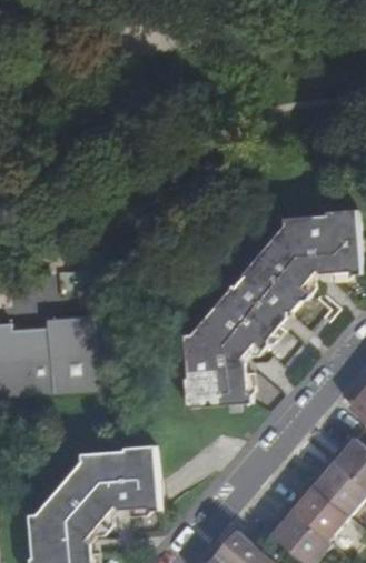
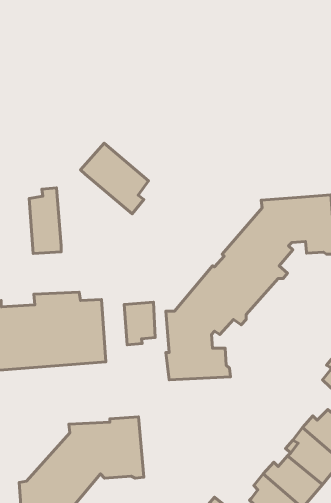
building: none -> [81,143,148,214]
building: none -> [29,188,61,253]
building: none -> [124,302,155,345]

